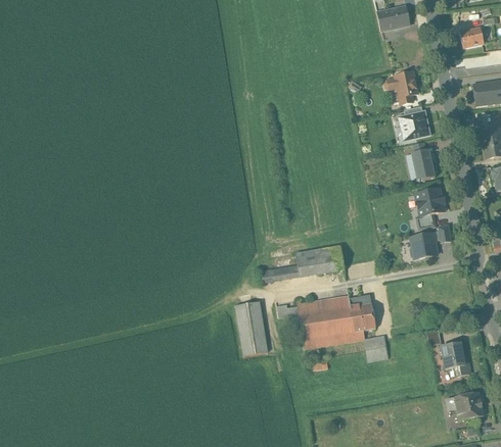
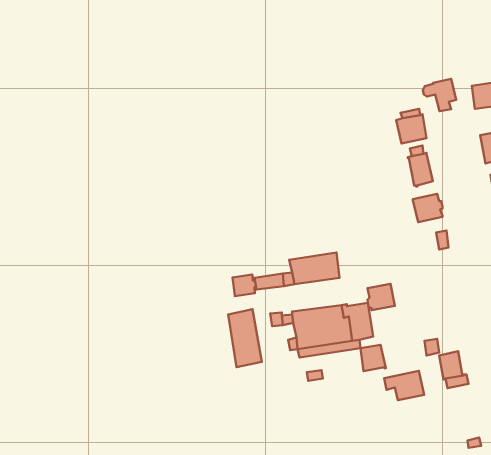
building: [376,6,409,31] -> none
building: [459,26,484,48] -> none
building: [384,72,417,104] -> [423,79,456,111]
building: [410,234,437,259] -> [367,284,395,310]
building: none -> [232,274,256,296]
building: [445,393,484,421] -> [384,371,424,400]

